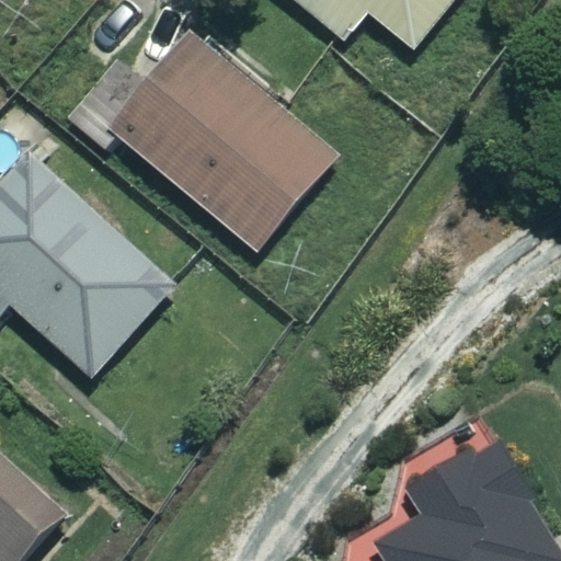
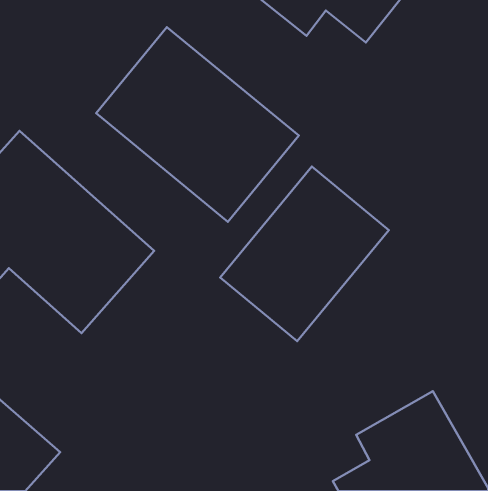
building: none -> [220,167,389,341]

